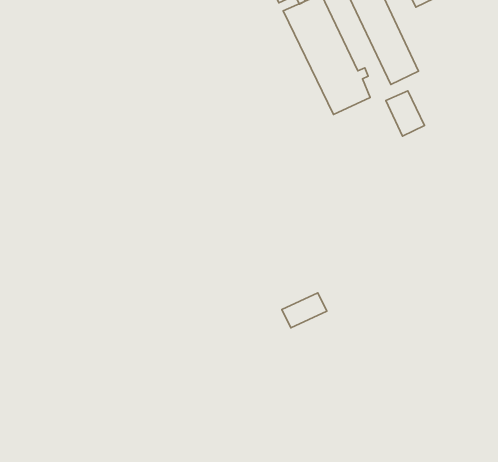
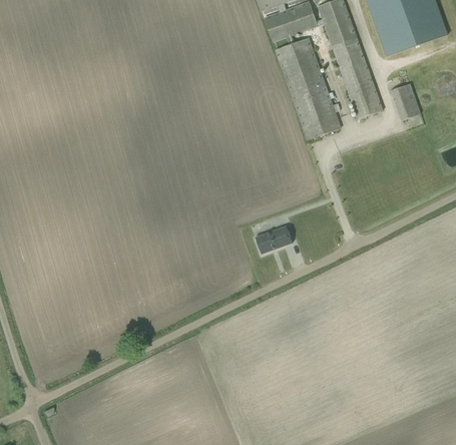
building: [386,91,424,136] -> [391,83,421,120]
building: [282,293,327,328] -> [256,226,293,253]

